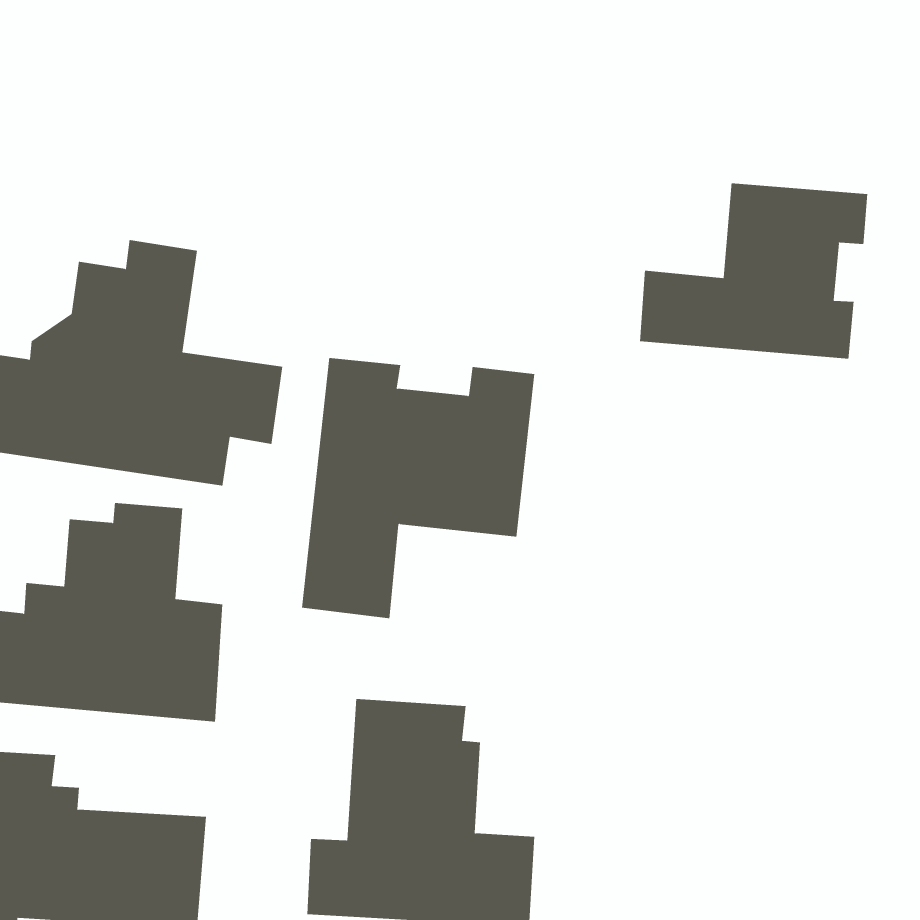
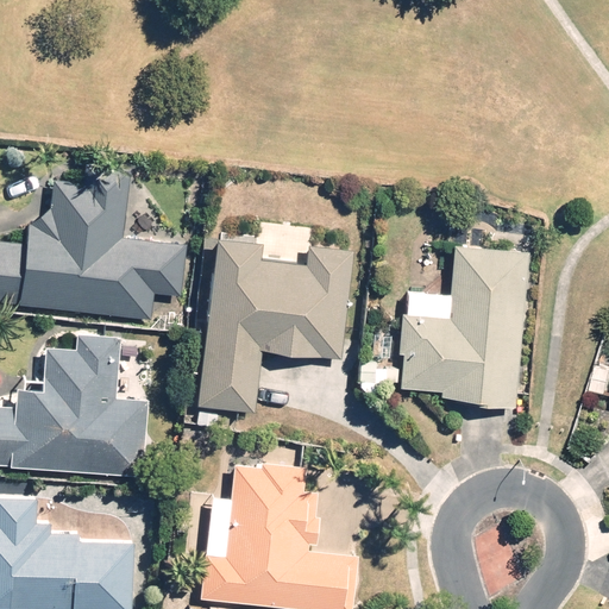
building: [639,182,868,359] -> none
building: none -> [401,247,528,409]

